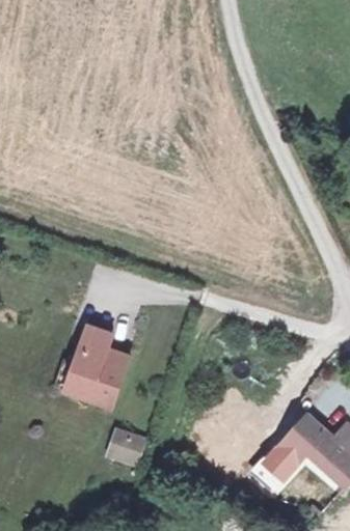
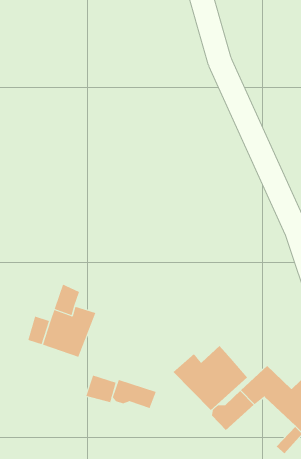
building: none -> [172,345,248,411]
building: none -> [112,379,157,409]

